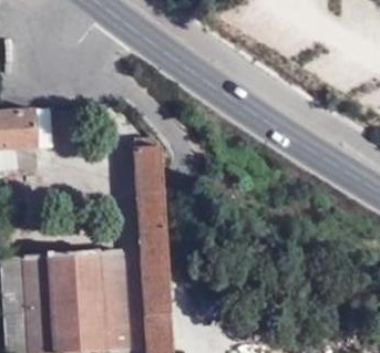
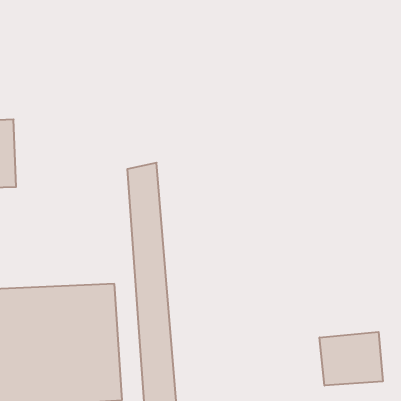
building: none -> [320,332,383,386]

